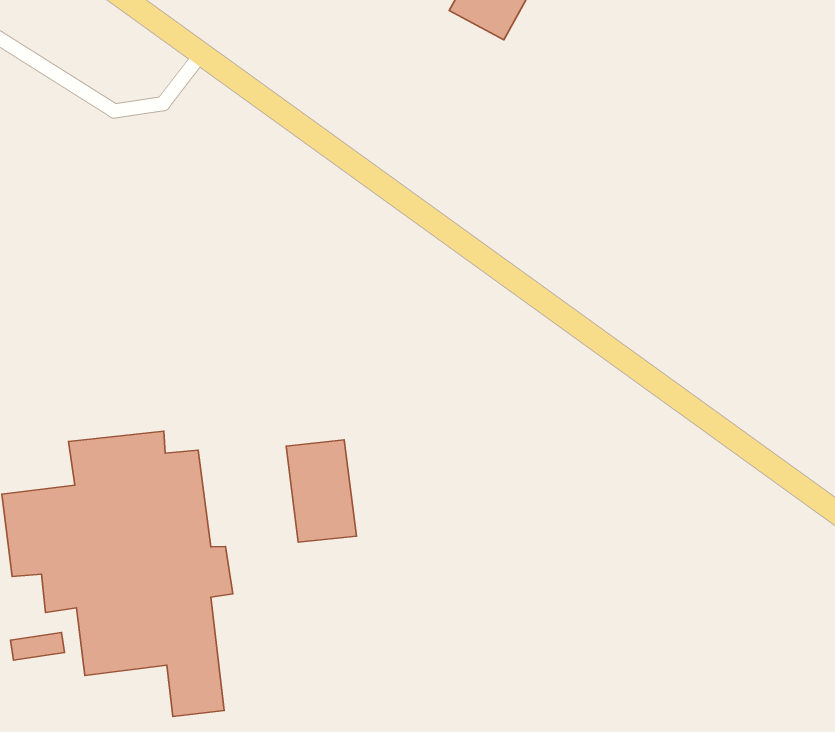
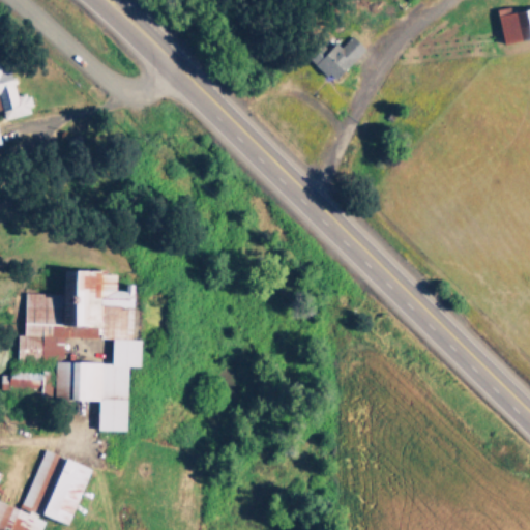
building: [286,440,356,542] -> none

